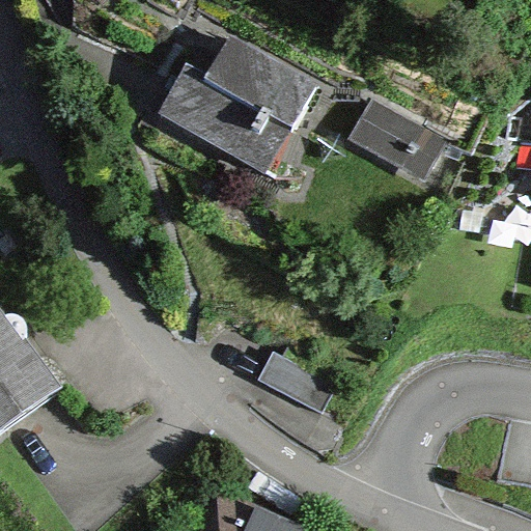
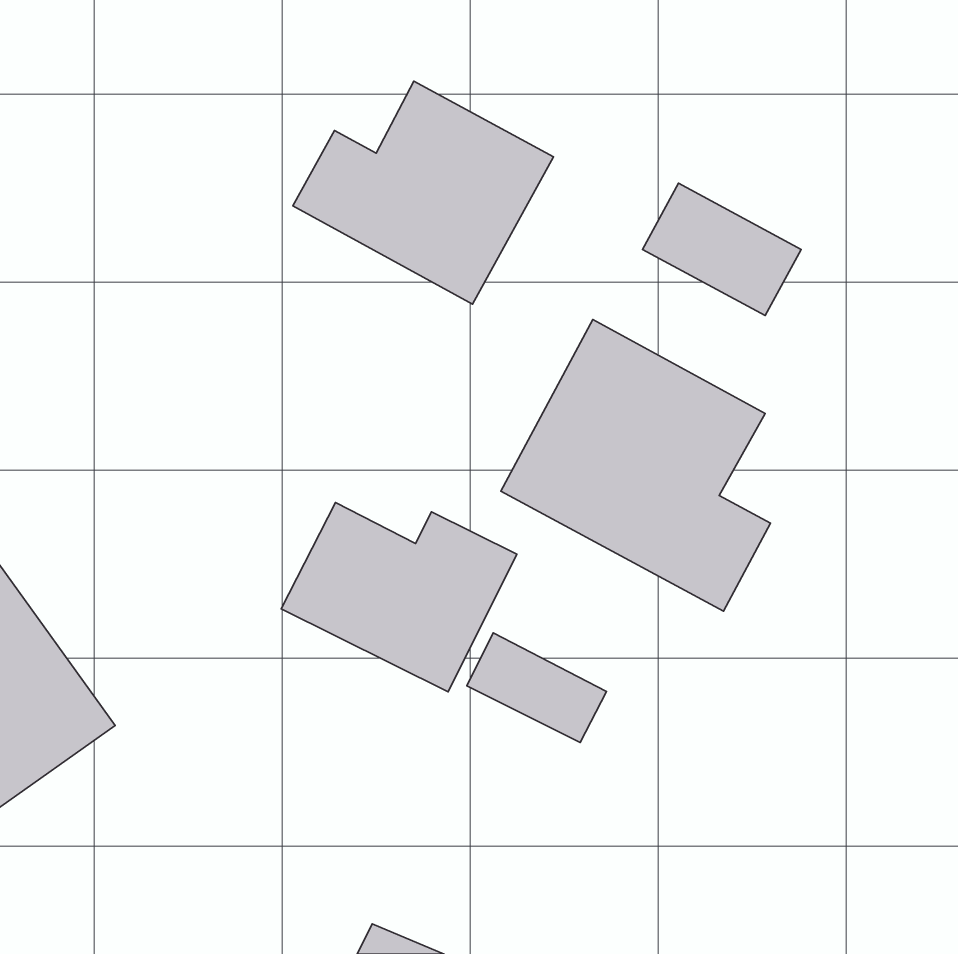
building: none -> [501,320,771,611]
building: none -> [281,502,517,692]

